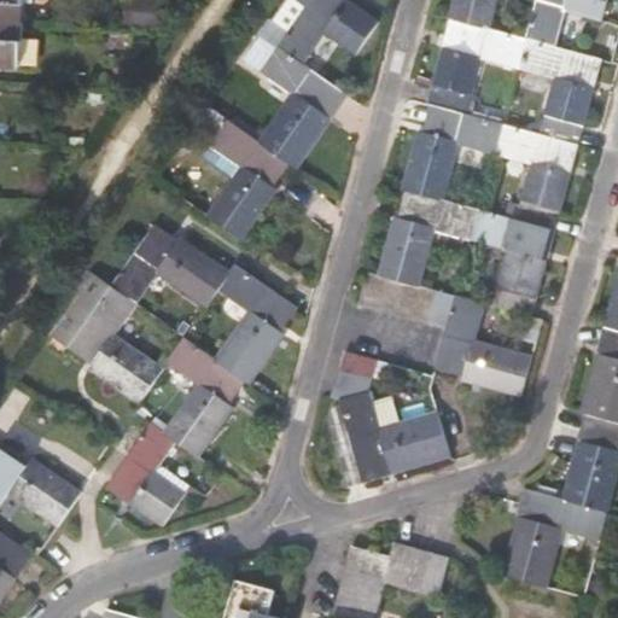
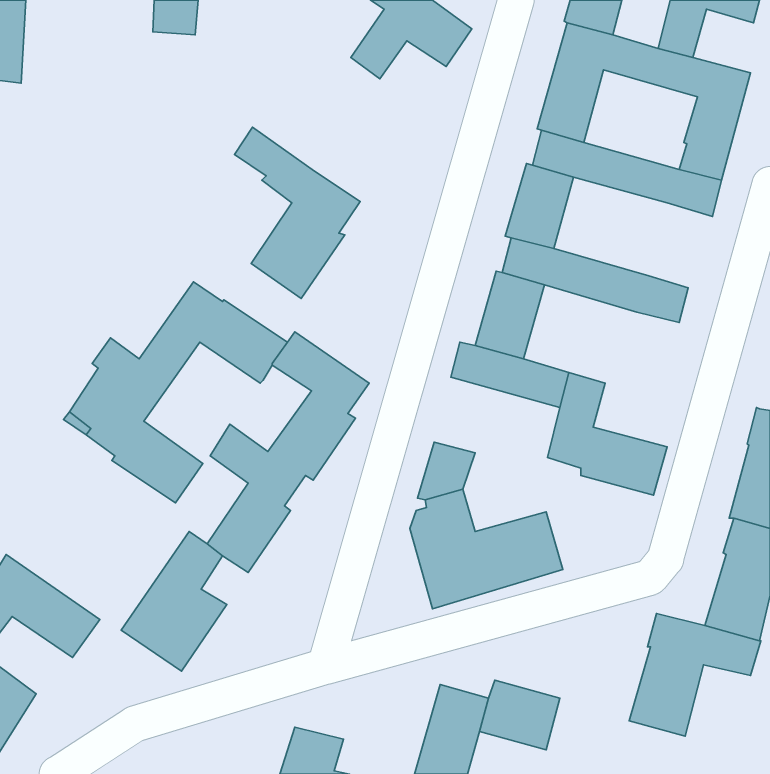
building: [251,46,349,167] -> none
building: [518,162,569,231] -> none
building: [495,249,544,315] -> none

